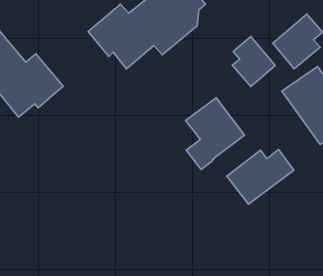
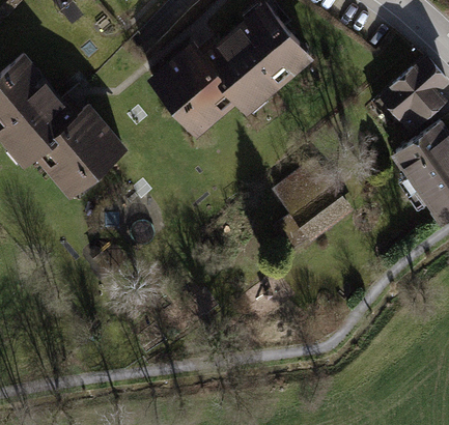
building: [232,37,275,87] -> none
building: [227,150,294,204] -> none

